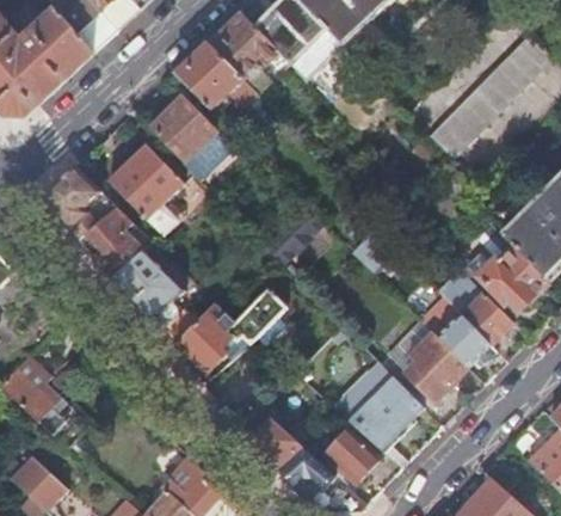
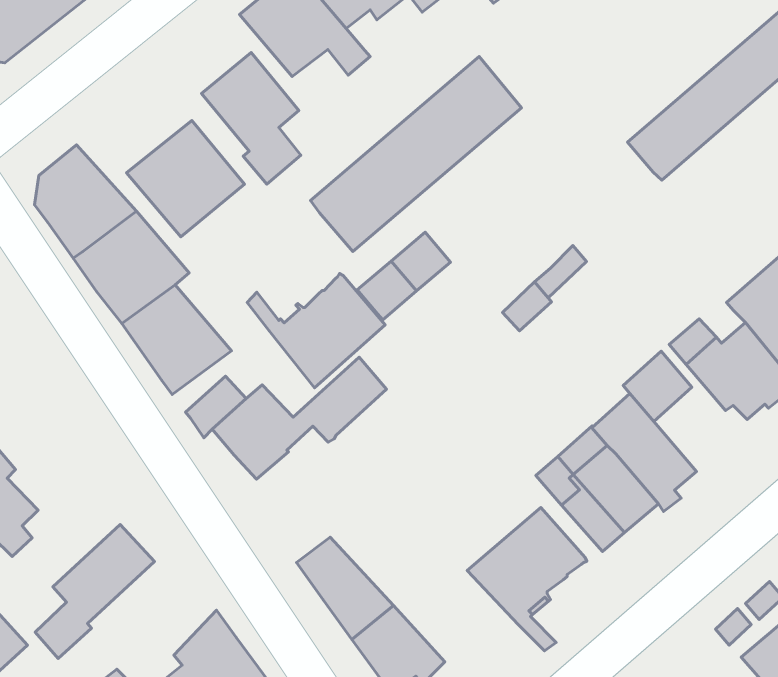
building: none -> [311,57,521,252]
building: none -> [247,273,385,388]
building: [460,289,517,343] -> none
building: none -> [35,525,155,658]
building: [322,424,381,481] -> none

